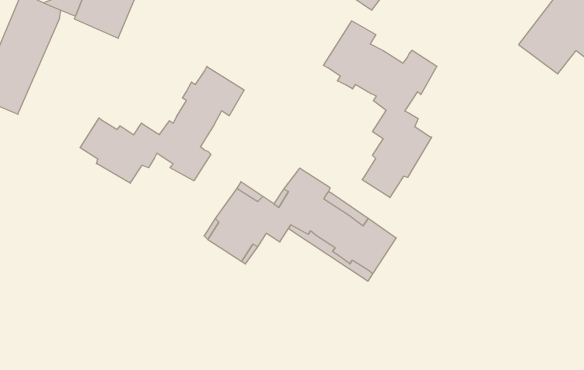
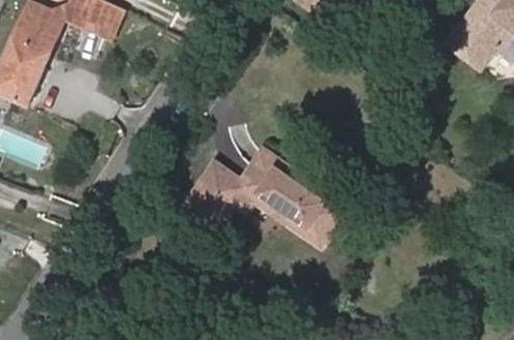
building: [323,21,437,198] -> none
building: [80,66,244,183] -> none

